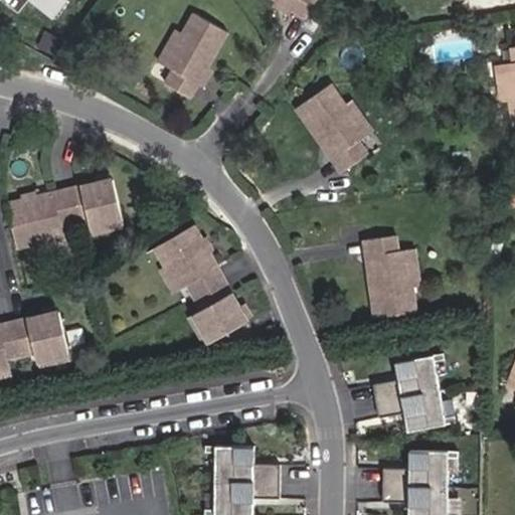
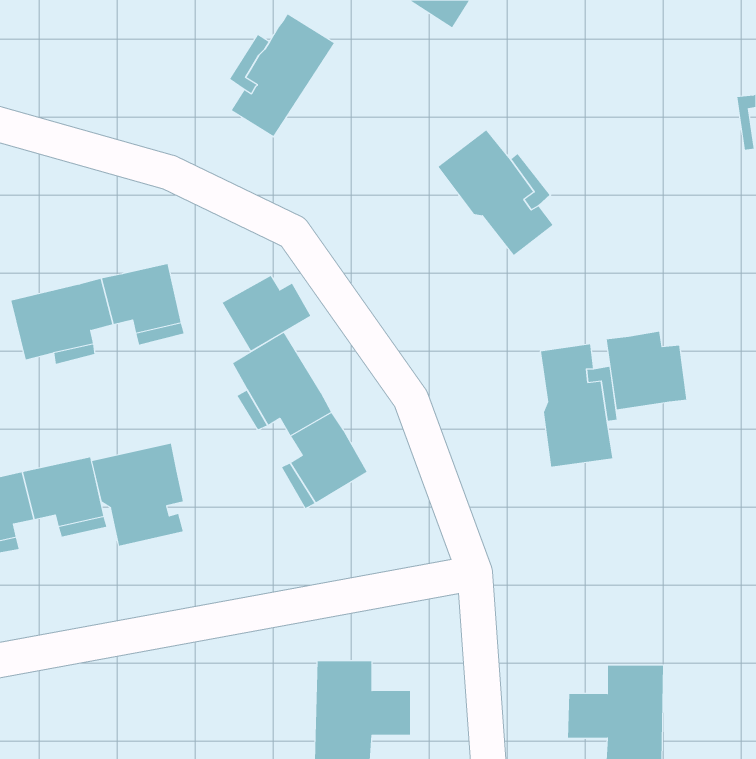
building: none -> [222,275,311,351]
building: none -> [606,331,687,410]
building: none -> [92,443,184,546]
building: [374,354,446,430] -> none

